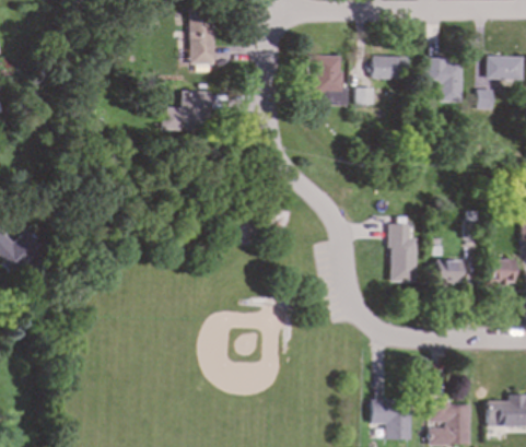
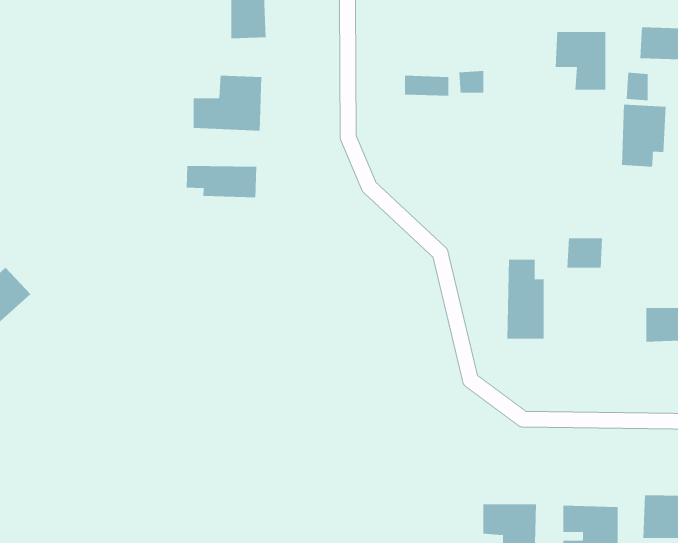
building: [313,56,341,91] -> none
building: [371,56,407,79] -> none
building: none -> [622,104,666,167]
building: none -> [186,165,257,198]
building: [436,260,463,282] -> [567,238,603,268]

